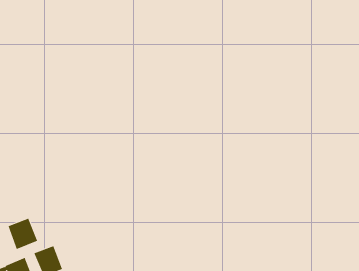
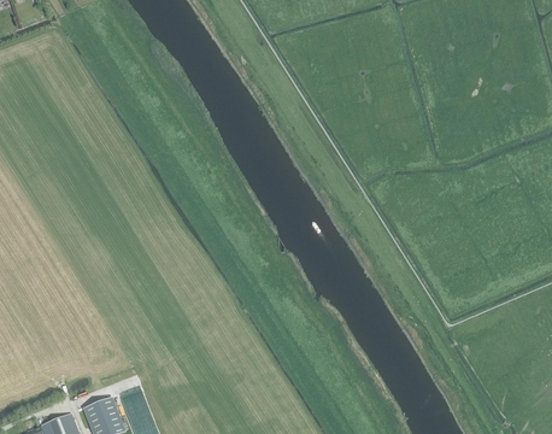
building: [8,218,38,250] -> none

